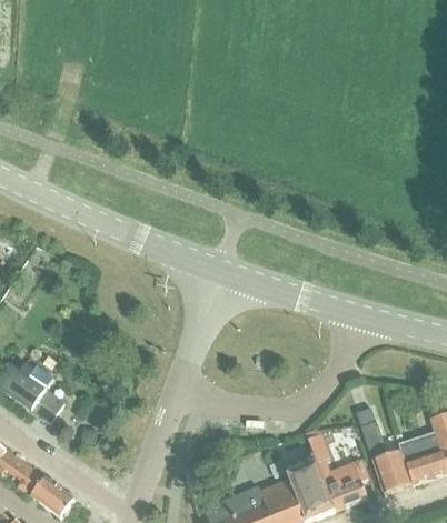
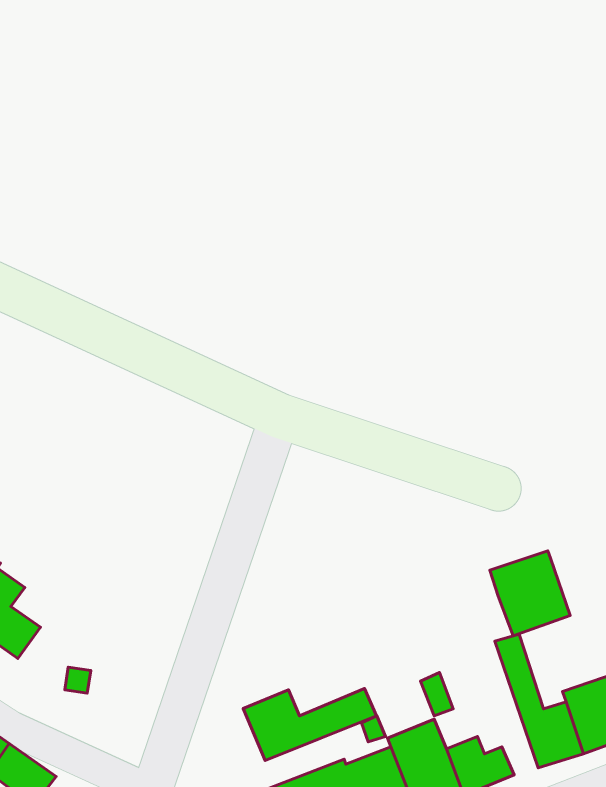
building: none -> [490,551,570,636]
building: none -> [243,688,377,760]

